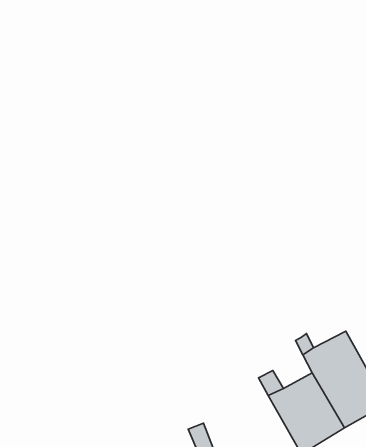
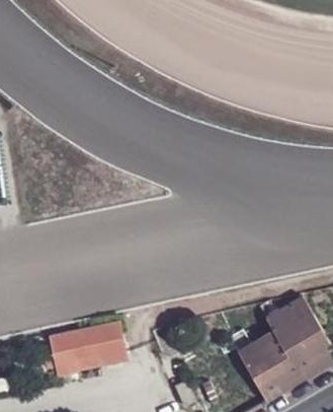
building: none -> [58,327,132,372]

